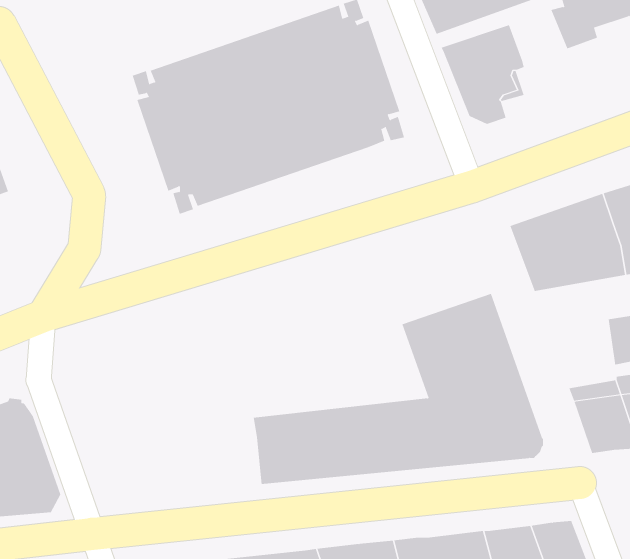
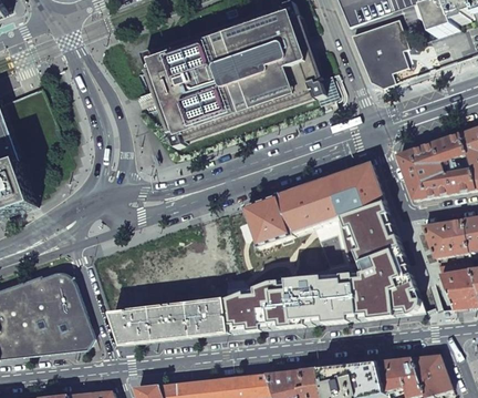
building: none -> [243,163,384,247]
building: none -> [422,218,467,257]
building: none -> [111,298,228,341]

